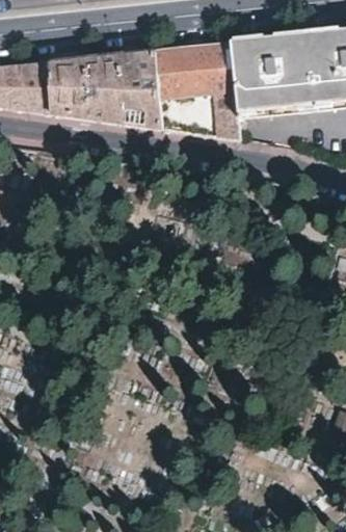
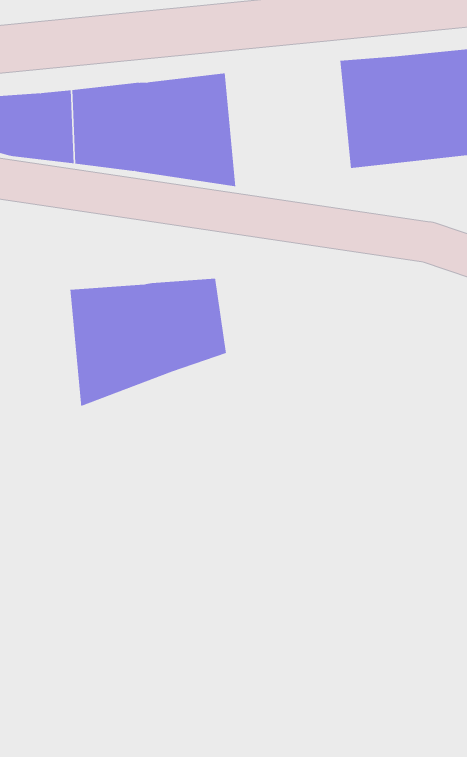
building: [154,42,240,137] -> none
building: none -> [70,278,226,407]

